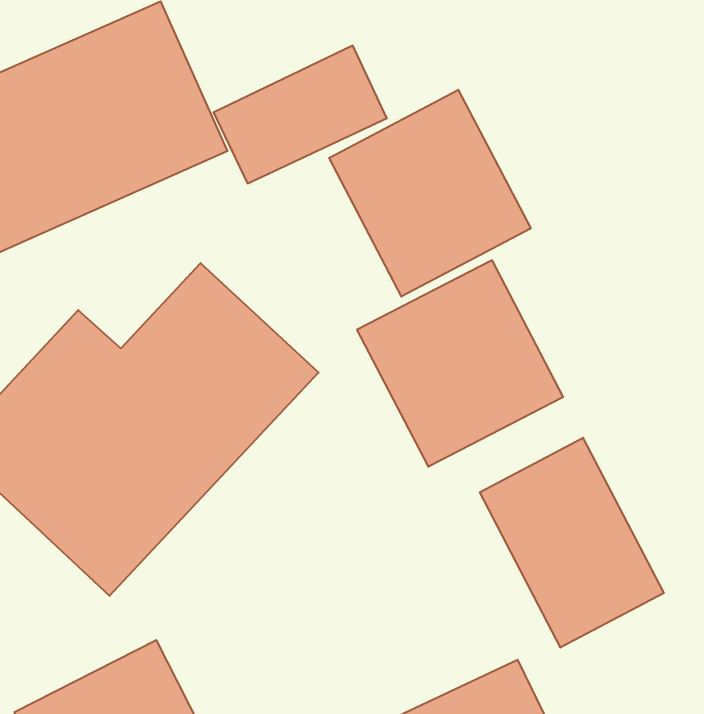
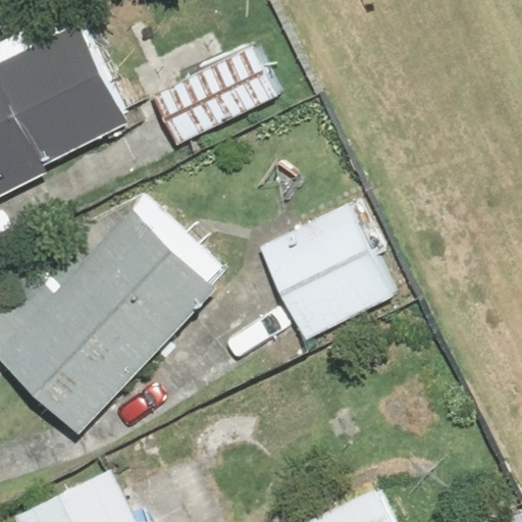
building: [329,90,531,297] -> none
building: [480,438,664,648] -> none

